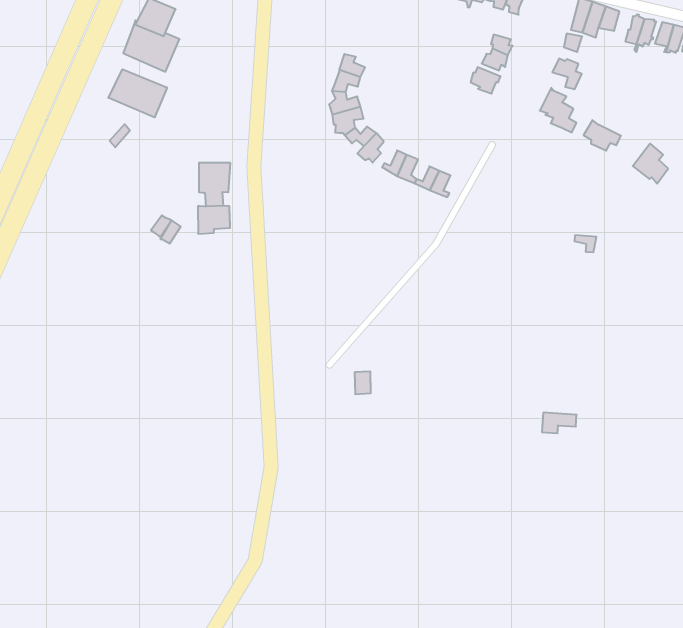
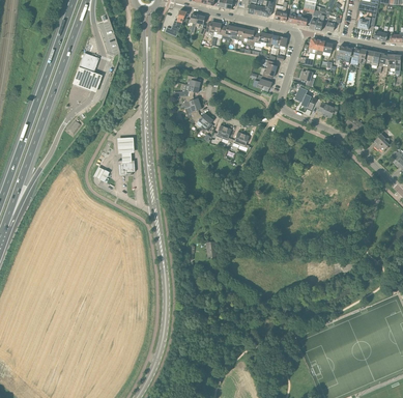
building: [108,69,167,117] -> none

